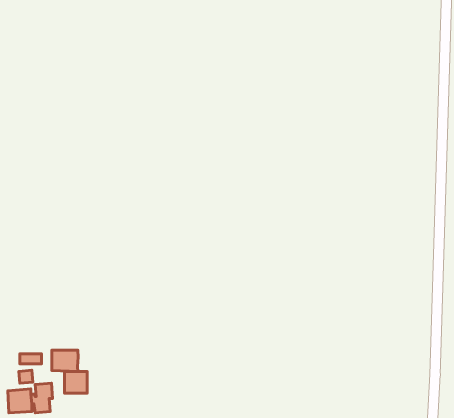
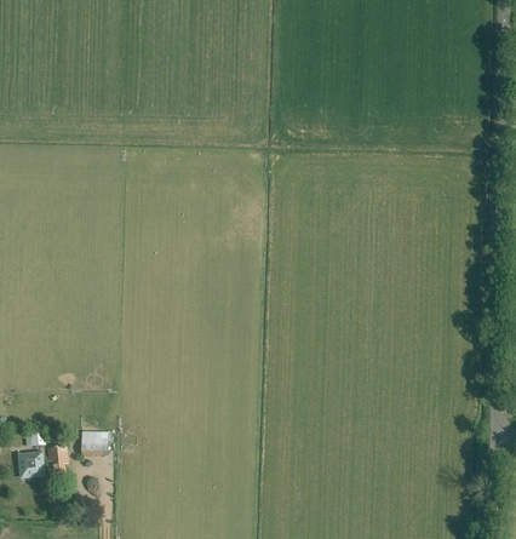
building: [52,350,78,371] -> none

